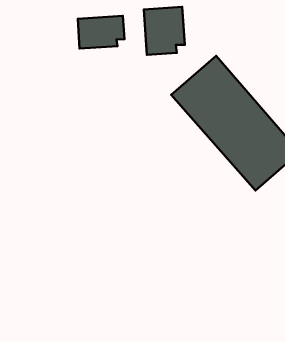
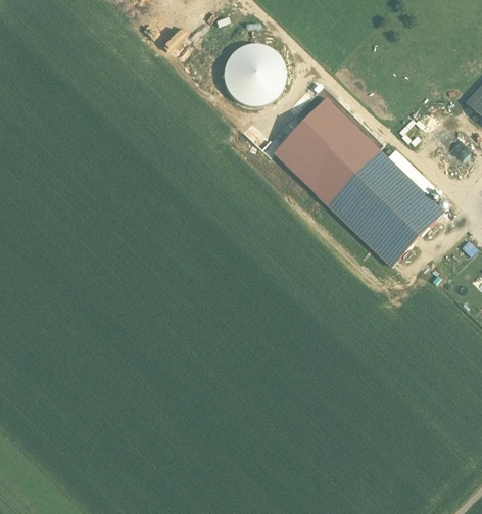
building: [78,16,125,49] -> none

